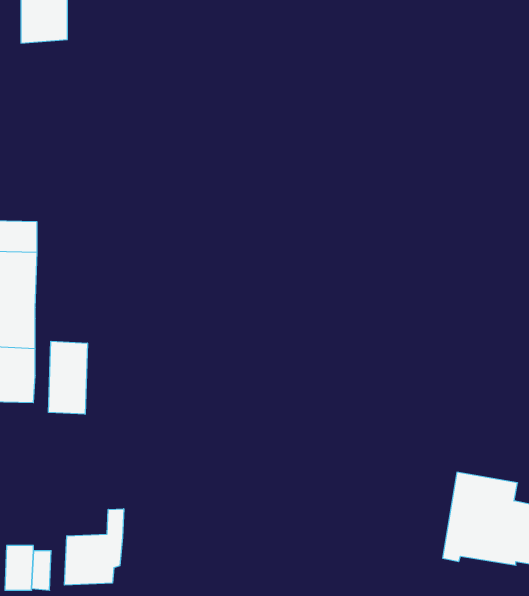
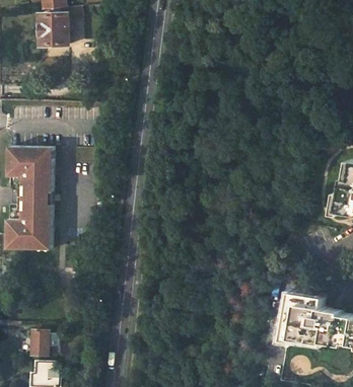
building: [49,341,87,414] -> none
building: [65,509,124,585] -> none

